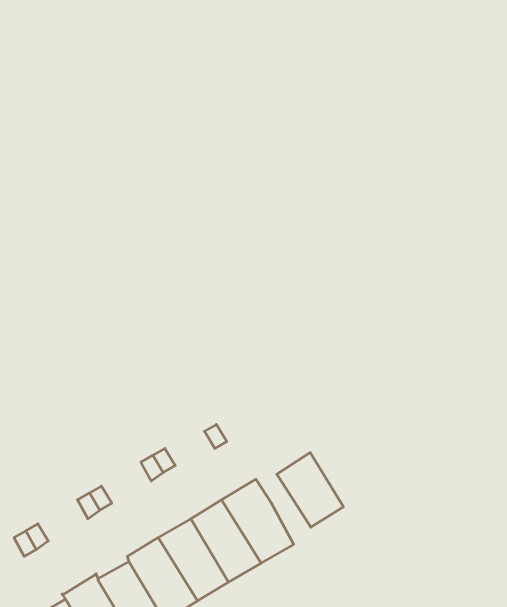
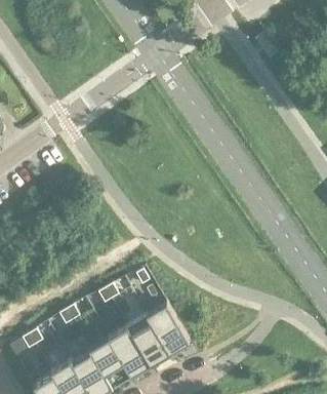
building: [277,453,343,527] -> none

